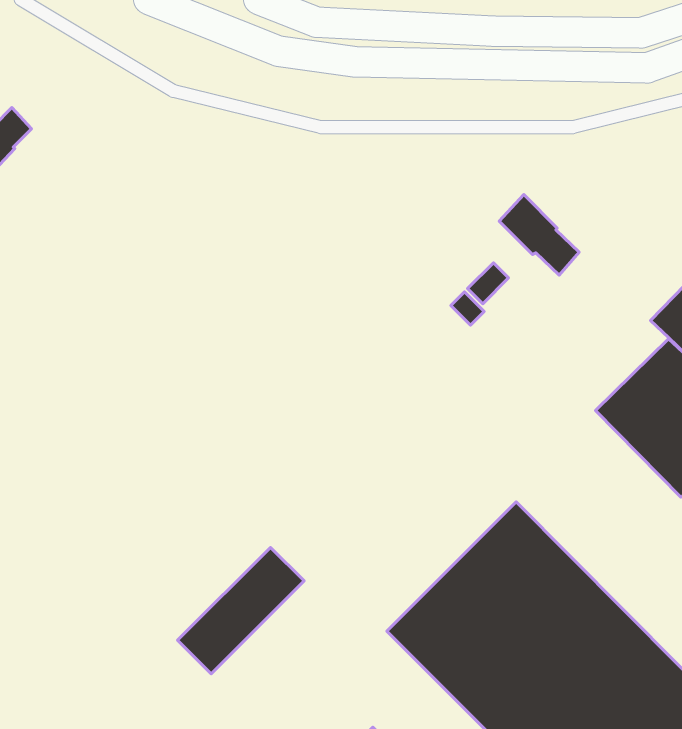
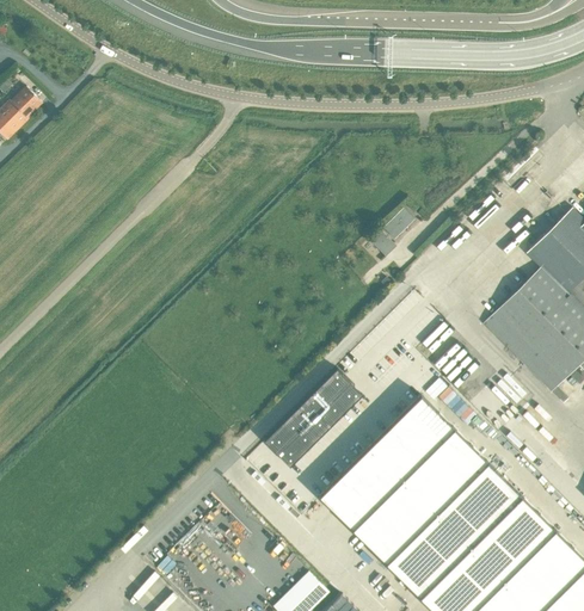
building: [499,195,579,275] -> none
building: [178,547,304,674] -> [264,369,363,468]

